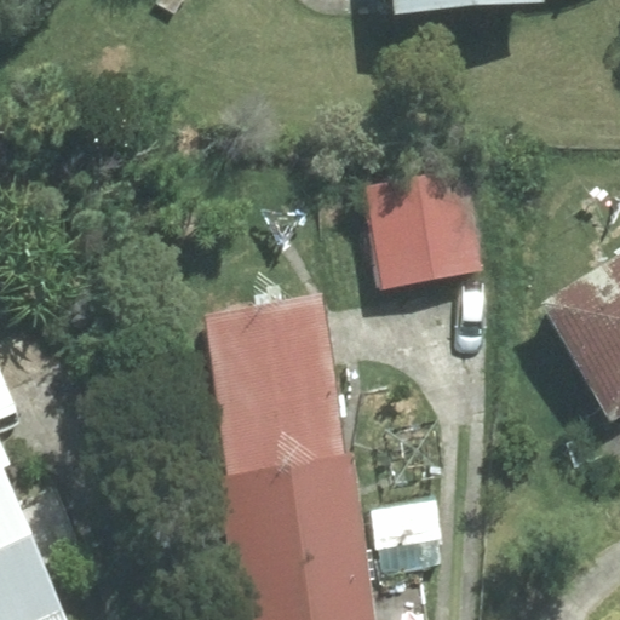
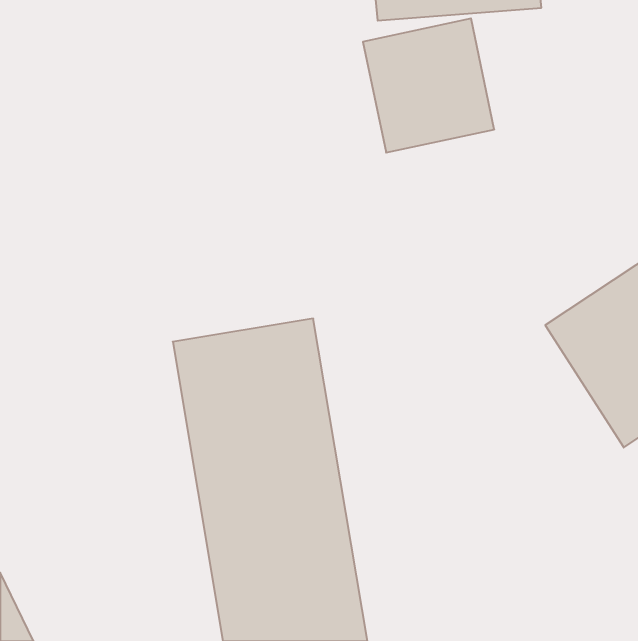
building: [361,162,484,288] -> [363,18,494,153]

